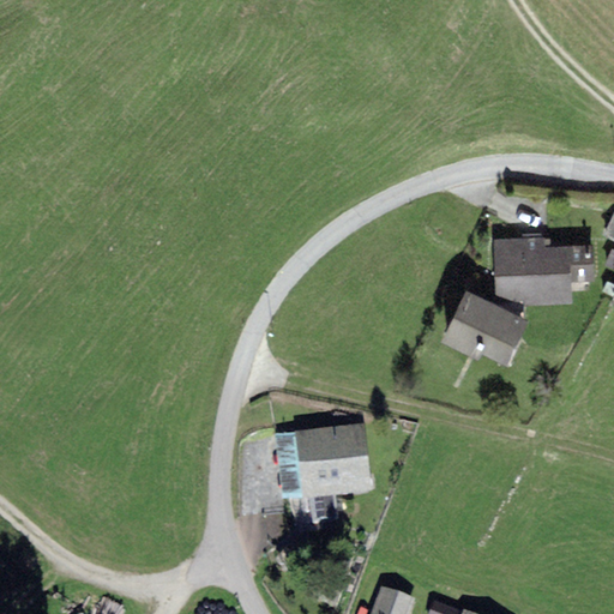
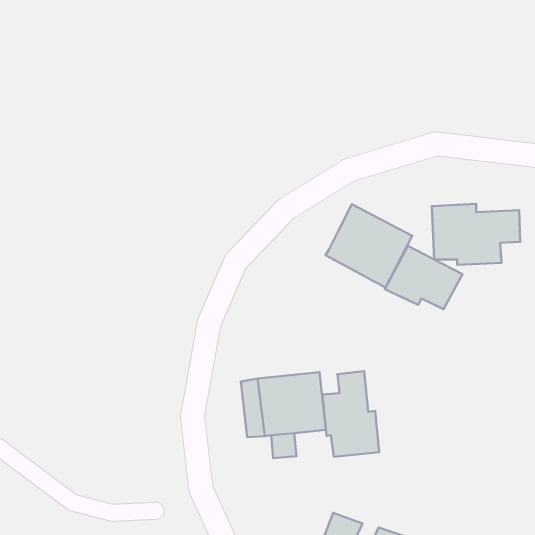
building: none -> [326,204,412,288]
building: none -> [322,371,379,457]

